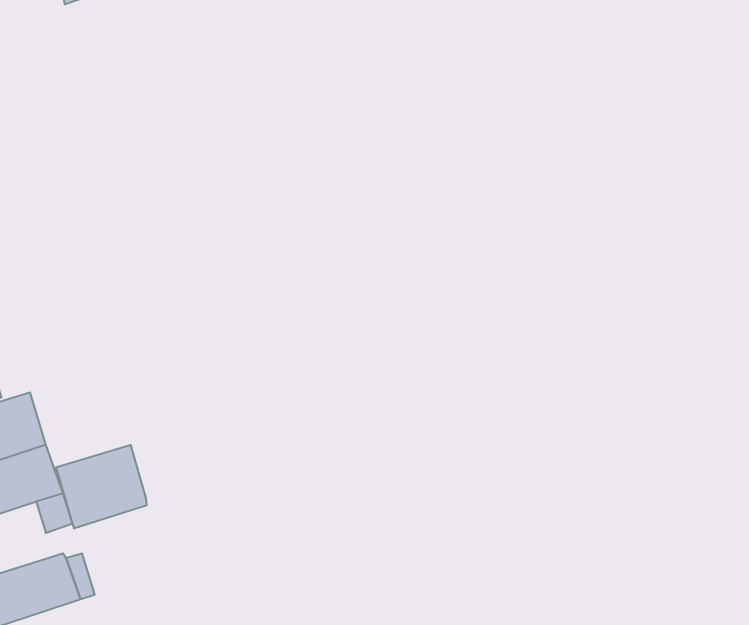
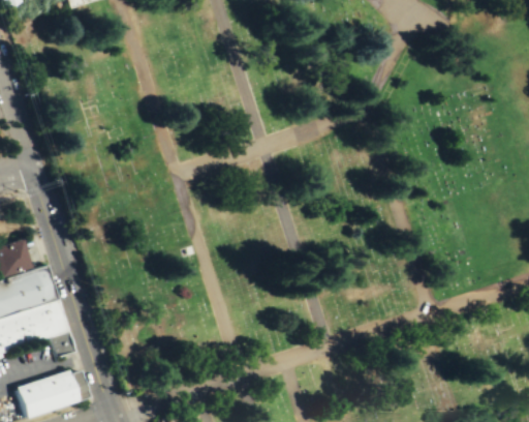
building: [56,445,147,529] -> none

